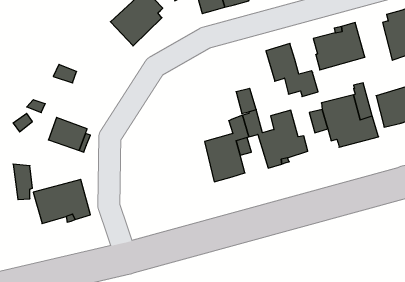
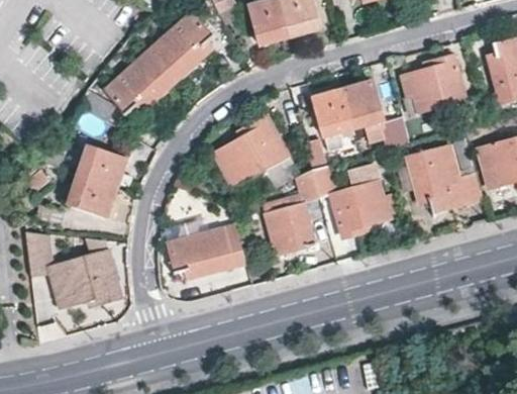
building: none -> [103,53,174,117]
building: none -> [313,89,351,134]
building: none -> [213,113,298,188]
building: none -> [78,143,126,187]
building: none -> [169,223,246,278]

